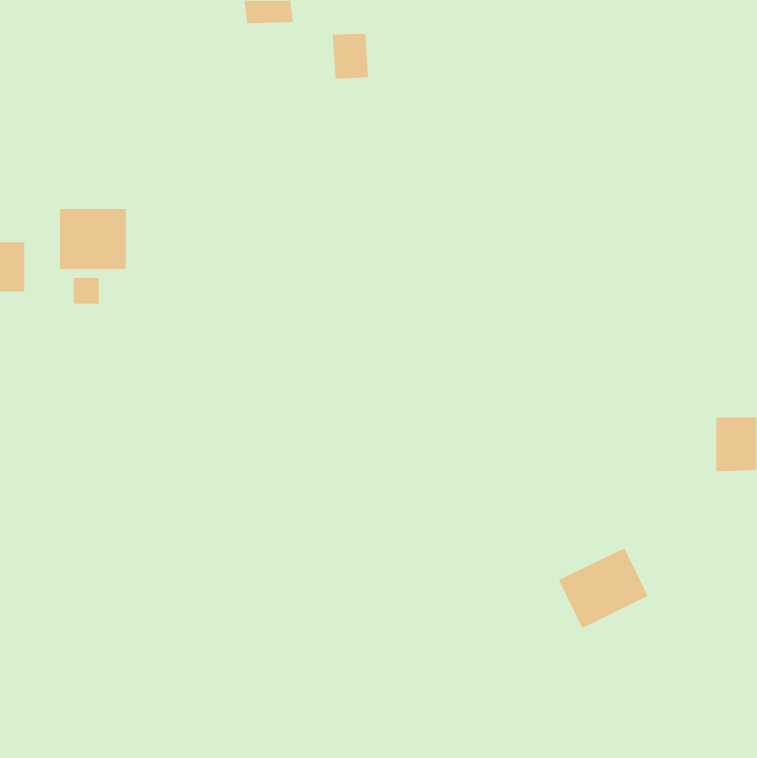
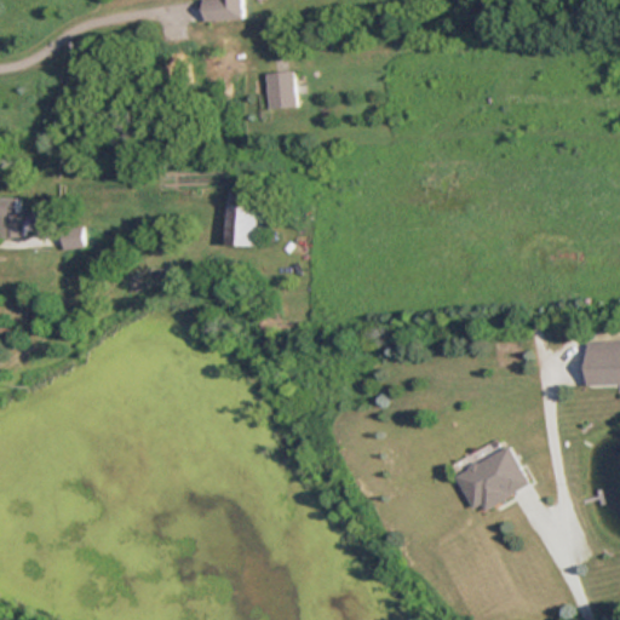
building: [332,33,369,79] -> [264,71,294,109]
building: [59,208,126,270] -> none
building: none -> [224,193,253,245]

